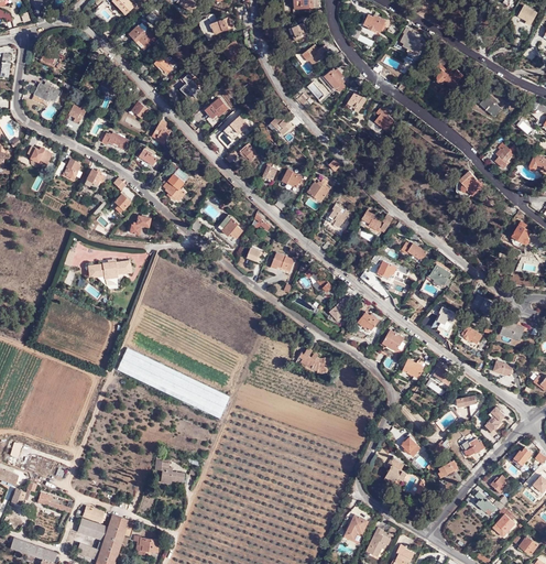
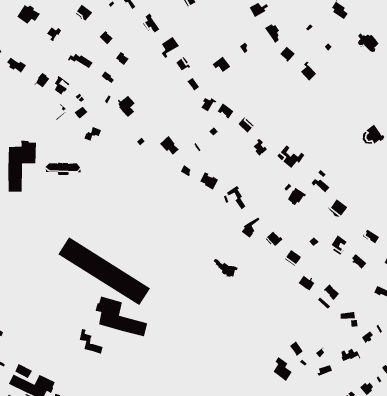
building: none -> [8,140,37,192]
building: none -> [94,295,148,337]

